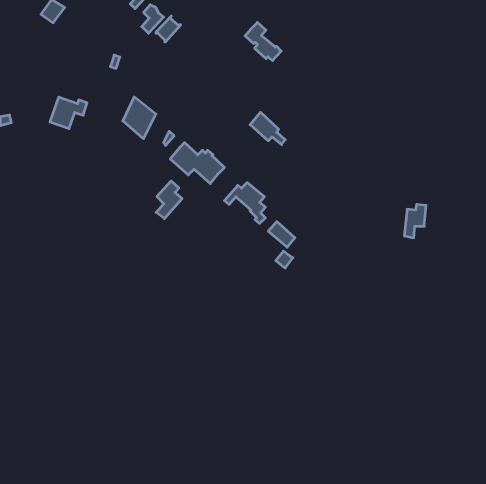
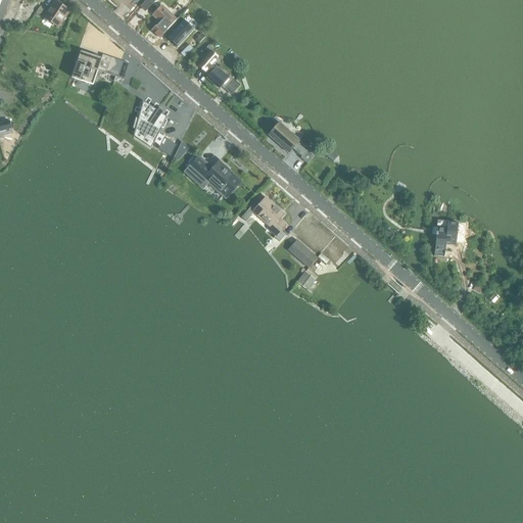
building: [245,22,281,61] -> [196,48,235,89]
building: [50,97,87,129] -> [72,49,111,83]
building: [156,181,182,219] -> none

